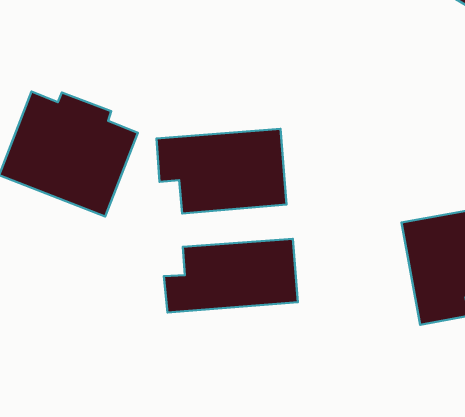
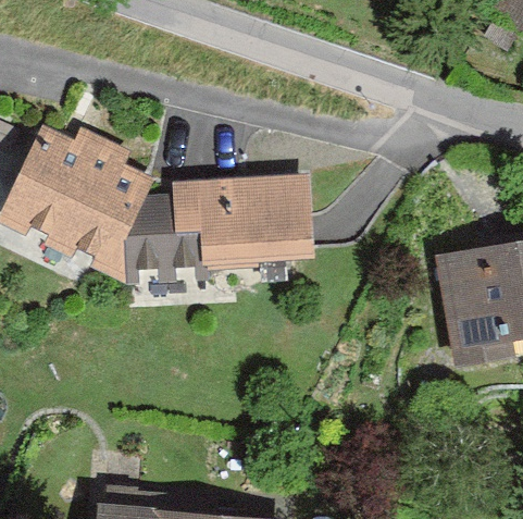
building: [164,239,298,313] -> none

